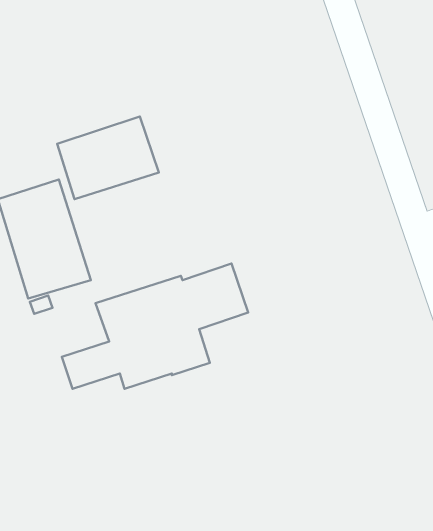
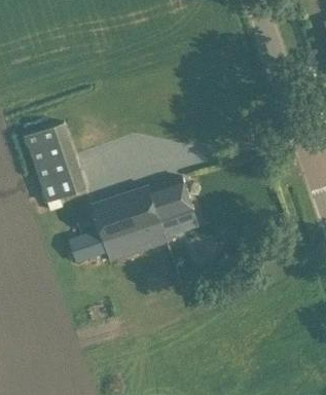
building: [57,116,159,199] -> none

